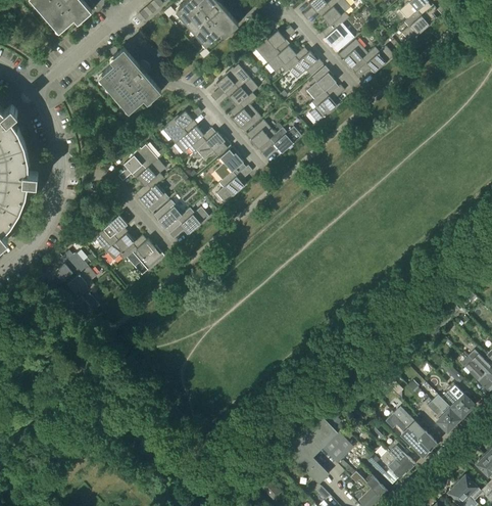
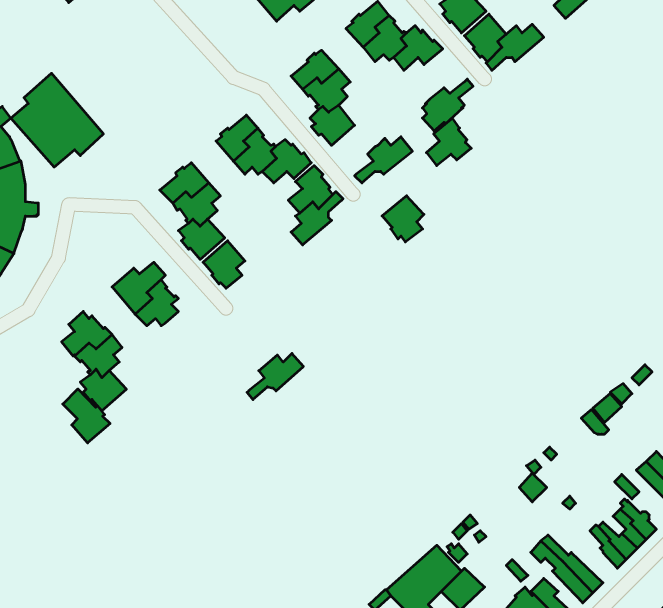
building: [99,45,164,111] -> [11,73,103,167]
building: [307,66,339,100] -> [426,118,471,166]
building: [246,121,276,153] -> [382,196,424,242]
building: [169,208,209,240] -> [247,353,303,400]
building: [128,236,164,271] -> none
building: none -> [63,389,110,443]

